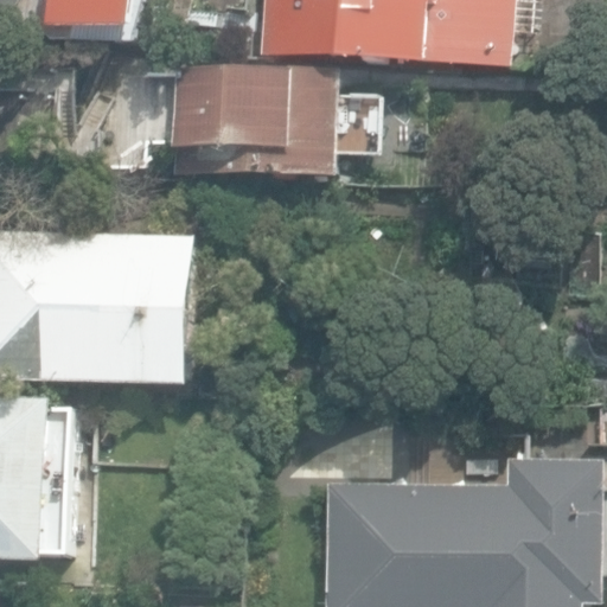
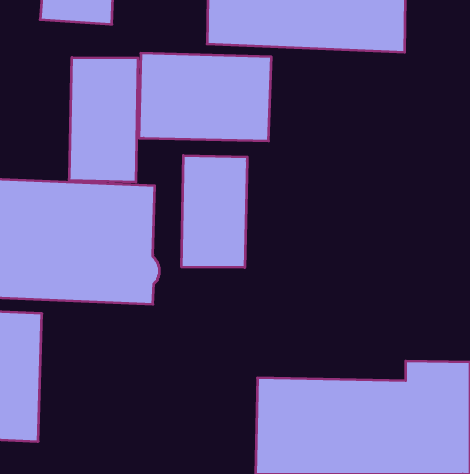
building: none -> [69,57,138,182]
building: none -> [182,155,247,268]

